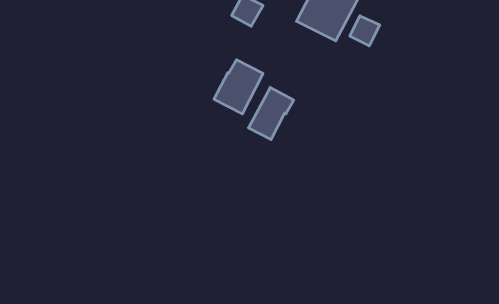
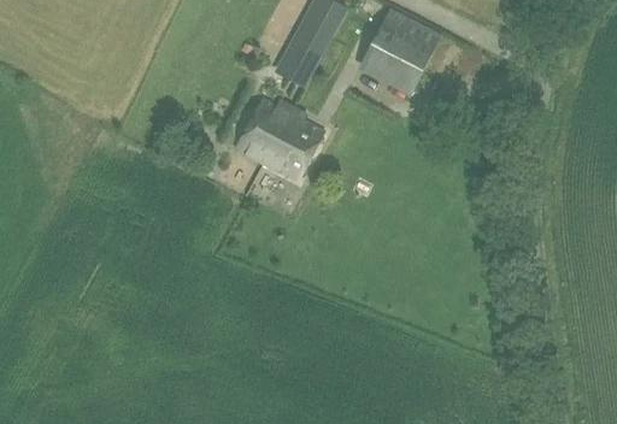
building: [350,16,380,46] -> none
building: [248,87,294,140] -> [235,98,290,161]

